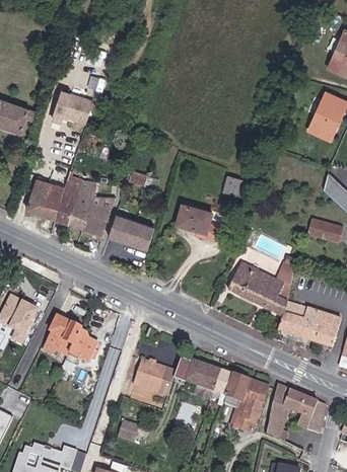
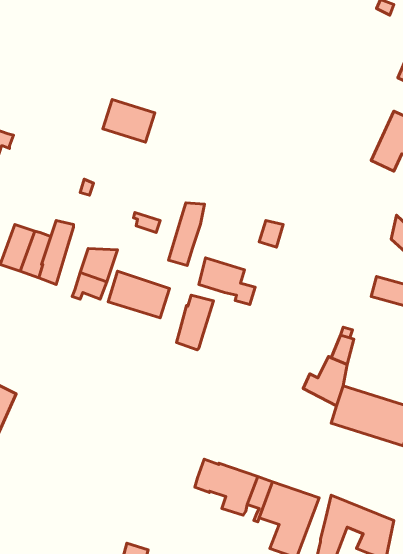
building: [53,91,92,124] -> [103,99,155,142]
building: [68,180,95,228] -> [169,203,205,266]
building: none -> [177,295,213,350]
building: [227,261,275,303] -> none
building: [43,315,97,365] -> none
building: [134,359,176,394] -> none

